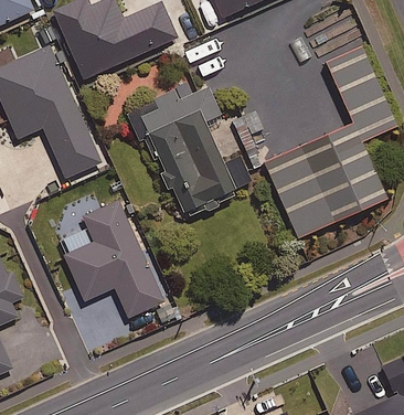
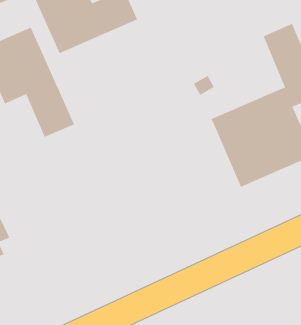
building: [126,85,251,216] -> none
building: [64,200,162,317] -> none

